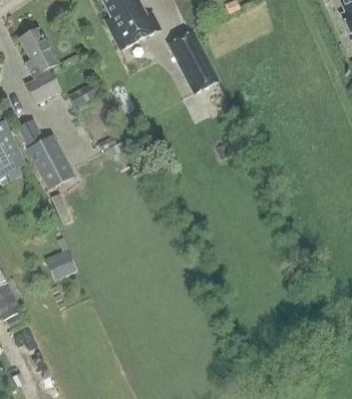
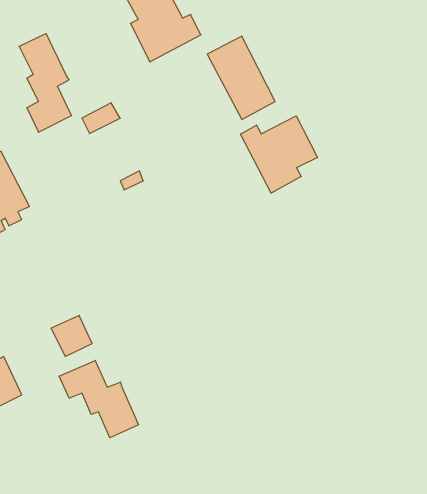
building: none -> [240,116,318,193]
building: [17,118,76,189] -> none
building: none -> [59,360,138,438]

